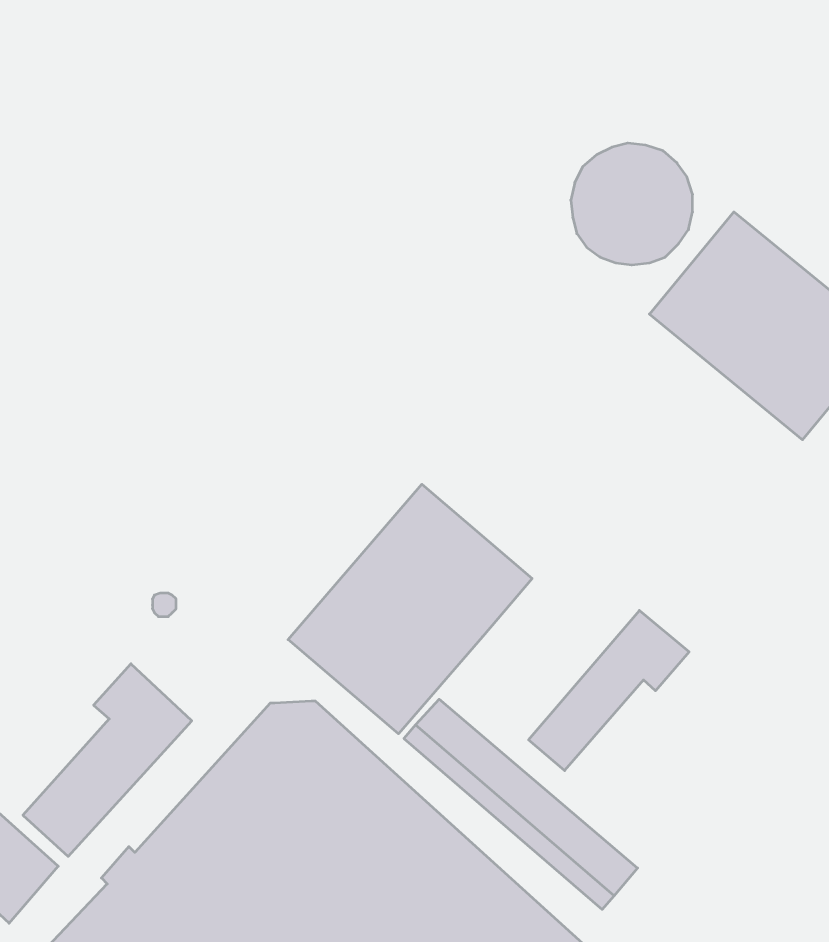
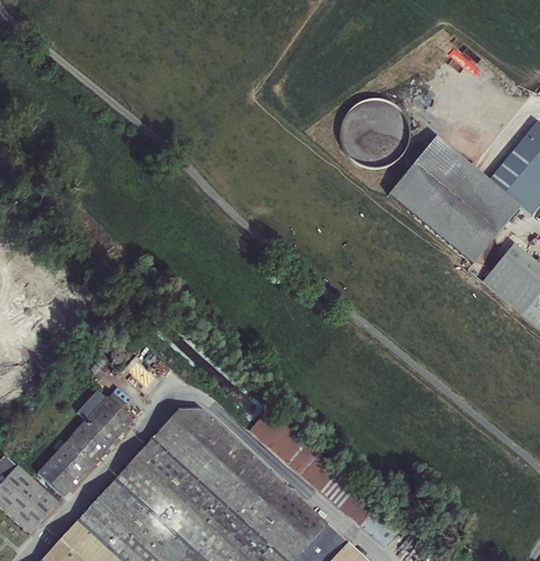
building: [288,484,532,734] -> none
building: [529,610,689,771] -> none

